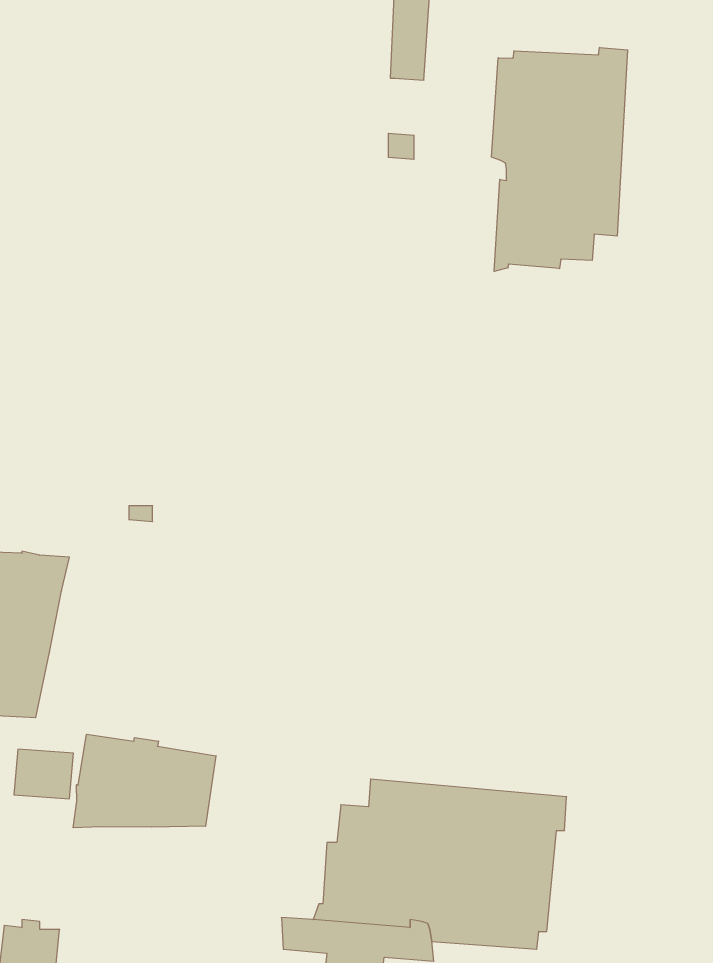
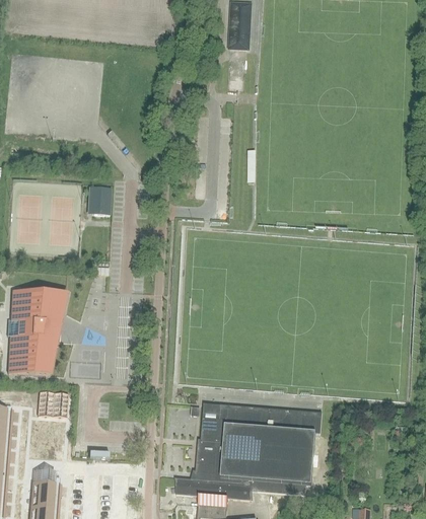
building: [491,47,628,271] -> none
building: none -> [87,186,113,214]
building: [73,734,216,828] -> none

